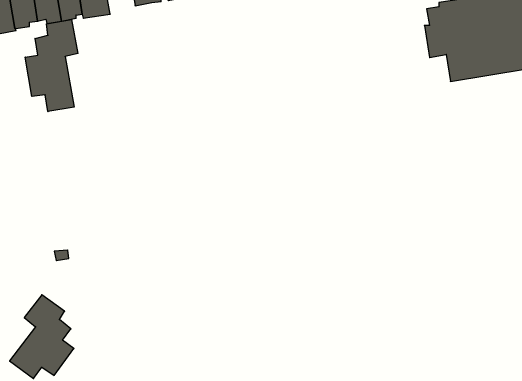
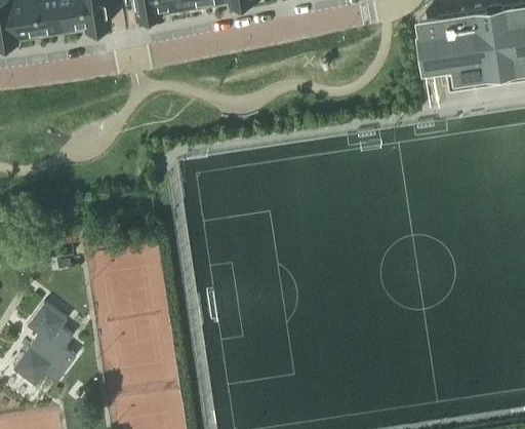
building: [25,20,78,112] -> none

